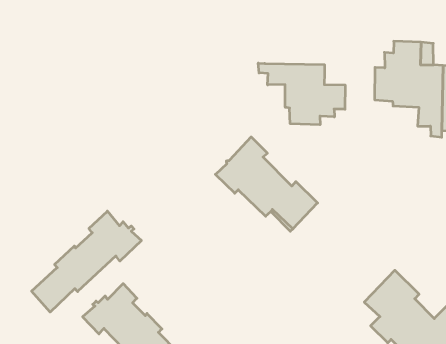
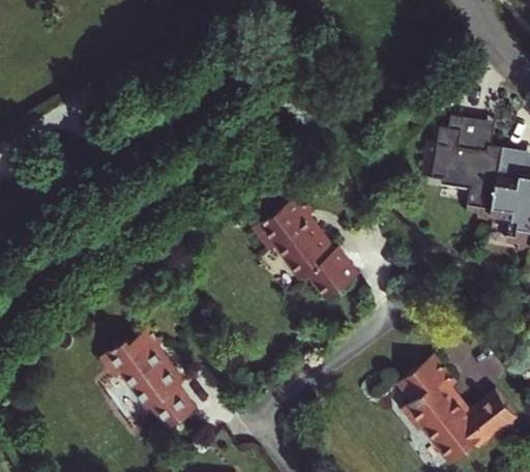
building: [258,63,345,125] -> none
building: [32,211,141,312] -> none

